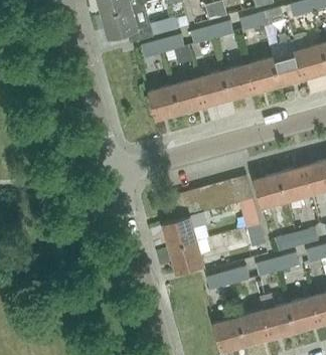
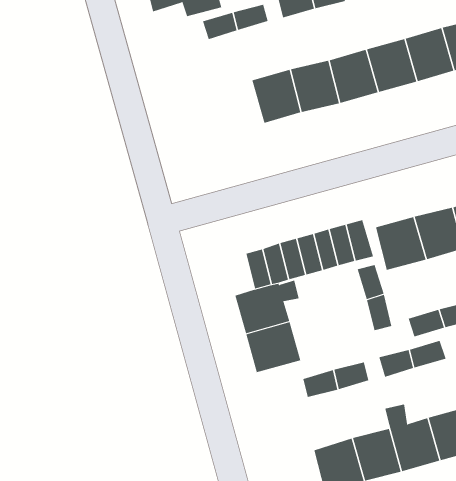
building: [147,84,180,120] -> none

